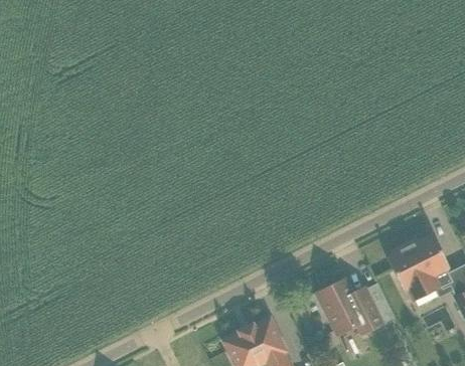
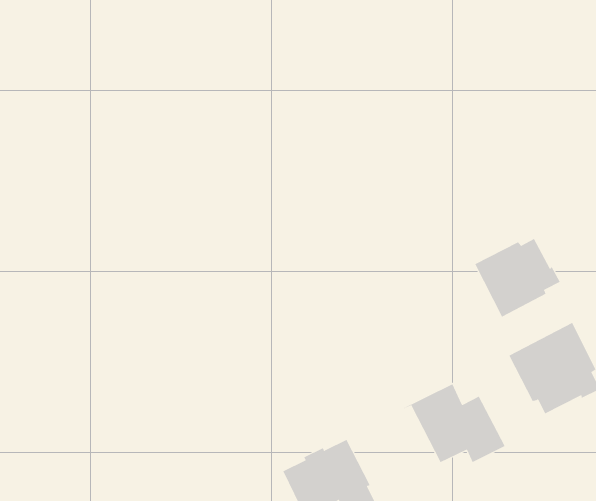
building: none -> [475,238,560,318]

